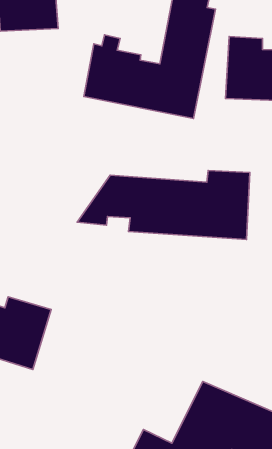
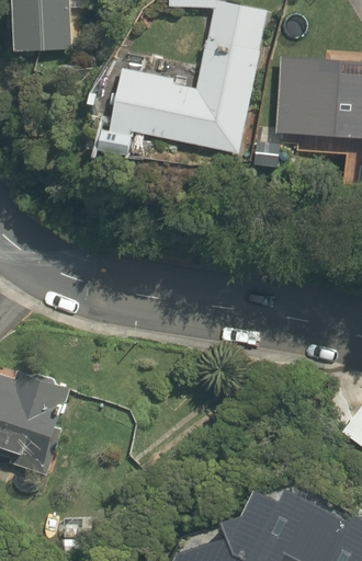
building: [77,170,250,239] -> none

